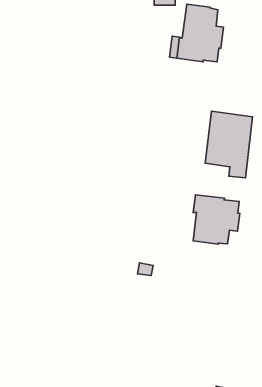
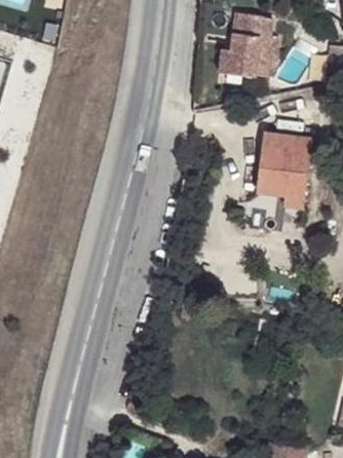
building: [193,195,240,244] -> none

